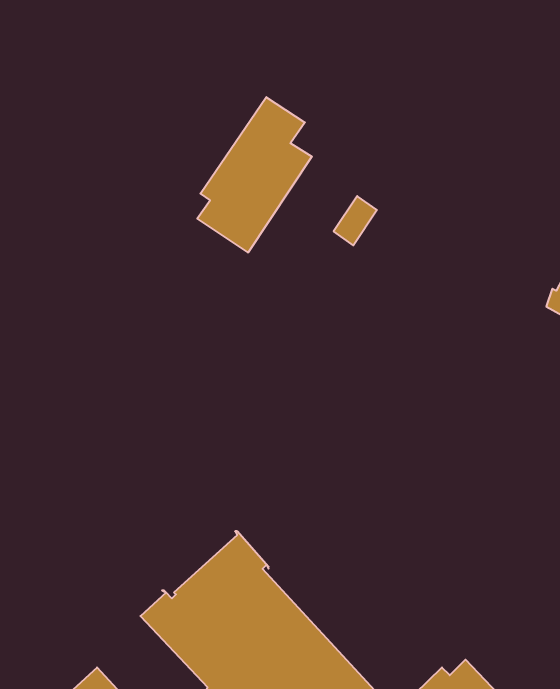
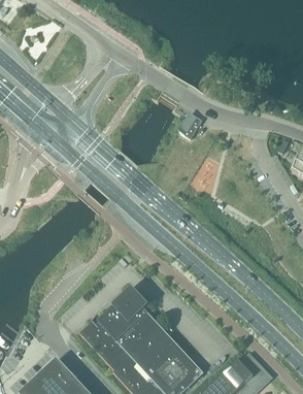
building: [197,97,312,253] -> none

